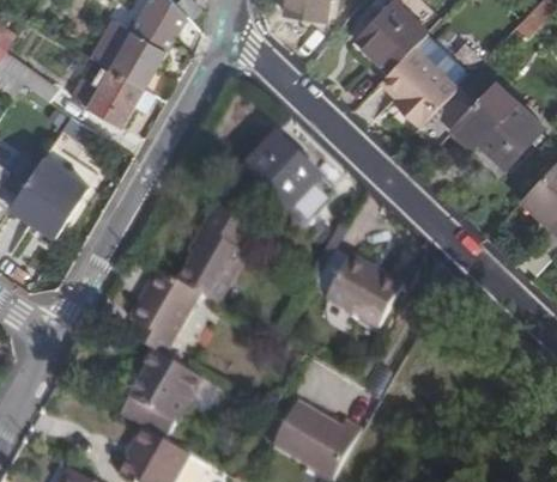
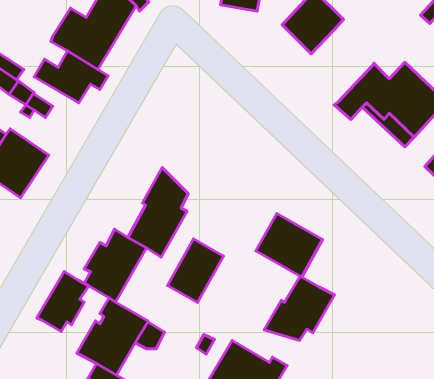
building: [380,42,460,124] -> none
building: [248,134,337,221] -> none
building: none -> [168,239,223,303]
building: none -> [37,271,89,331]
building: none -> [264,276,334,341]

